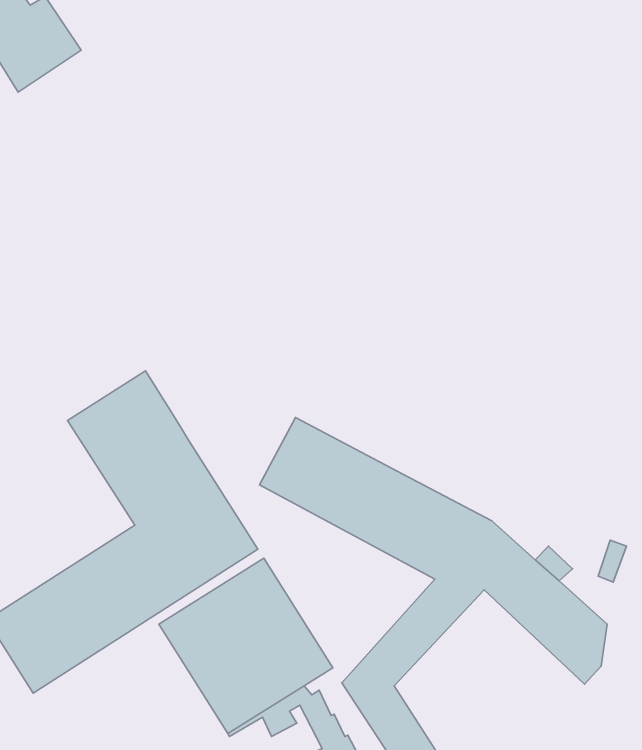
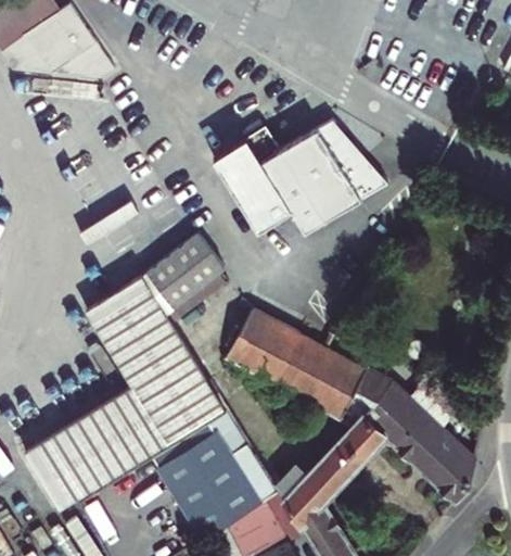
building: none -> [50,45,112,81]
building: none -> [214,121,387,233]
building: none -> [142,235,226,315]

